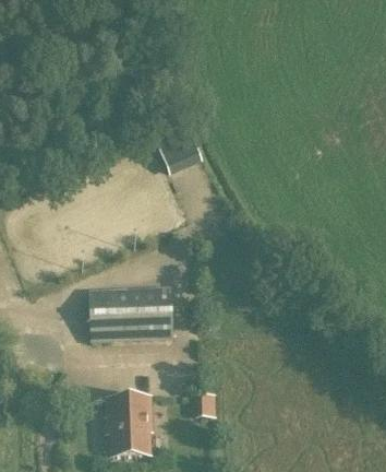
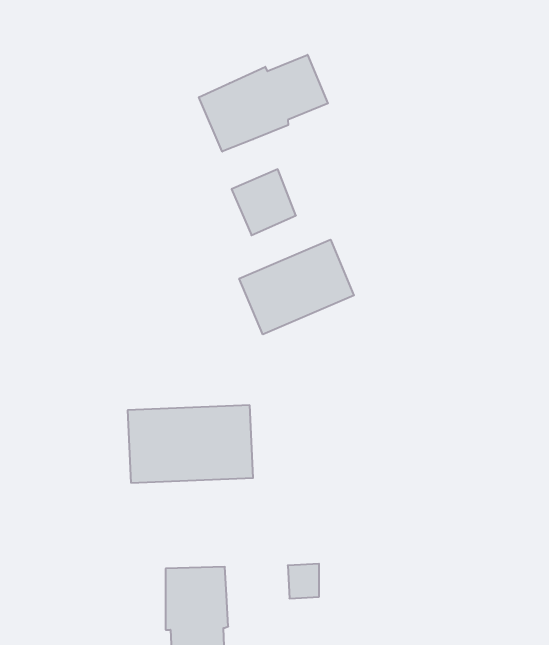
building: none -> [199,55,328,152]
building: none -> [239,240,354,334]

